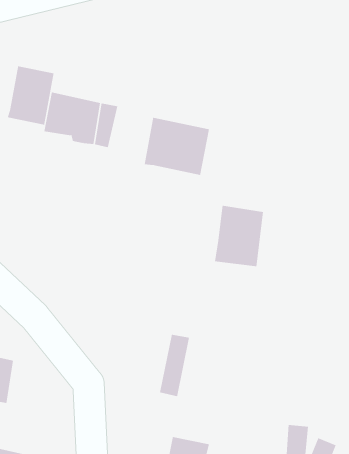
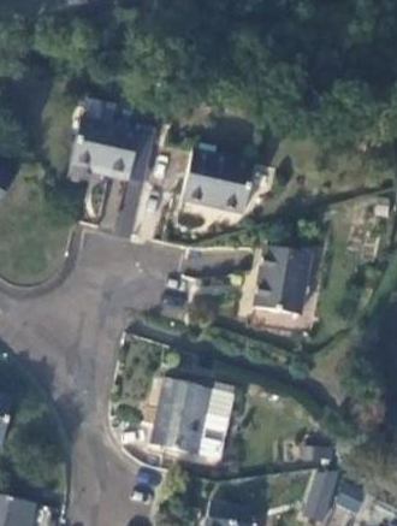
building: [7,65,54,125] -> none
building: none -> [140,372,202,447]

